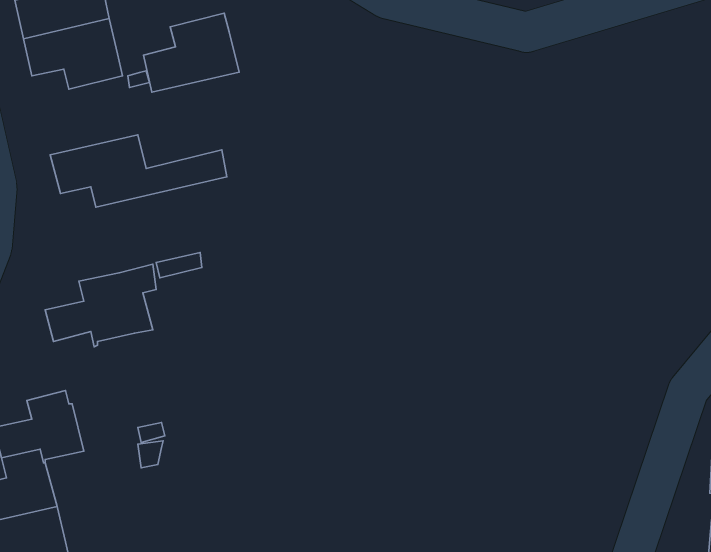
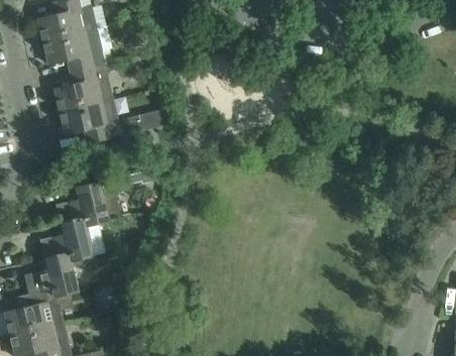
building: [143,13,239,92] -> [53,65,111,112]
building: none -> [40,218,94,261]

